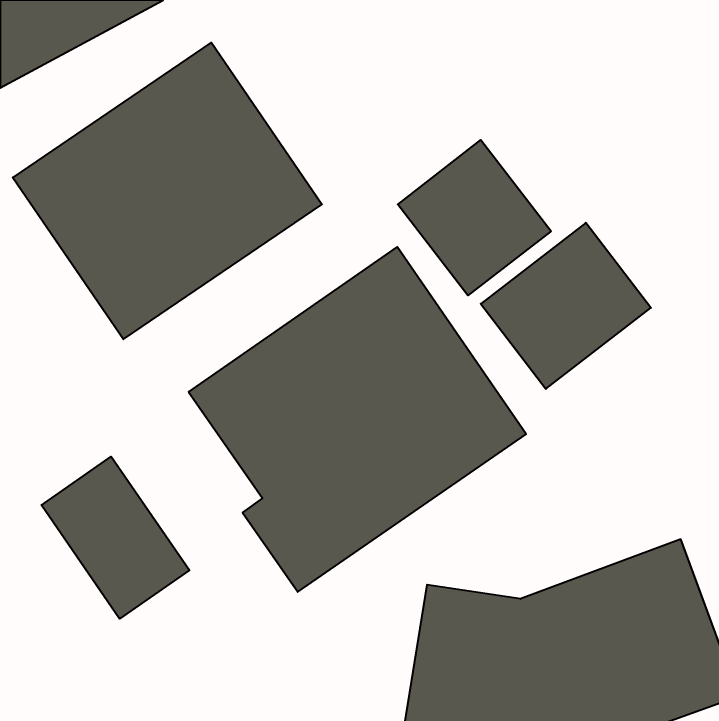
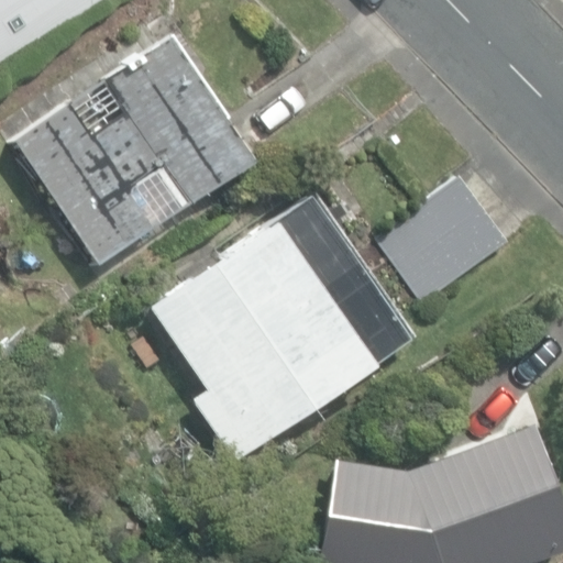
building: [398,140,551,295] -> none
building: [41,457,189,619] -> none

